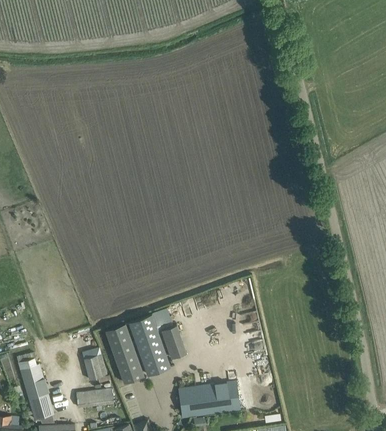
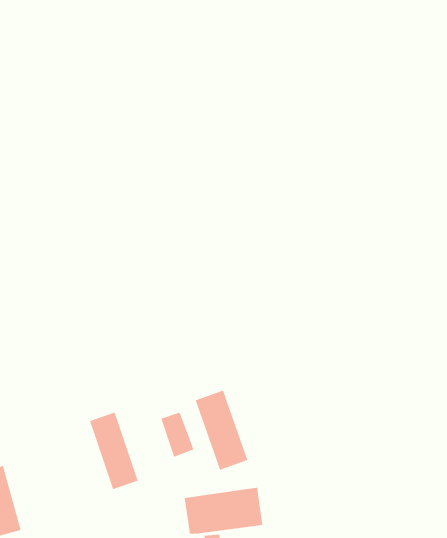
building: [129,313,170,375] -> [195,390,248,470]
building: [82,349,107,380] -> none
building: [76,388,114,407] -> none

